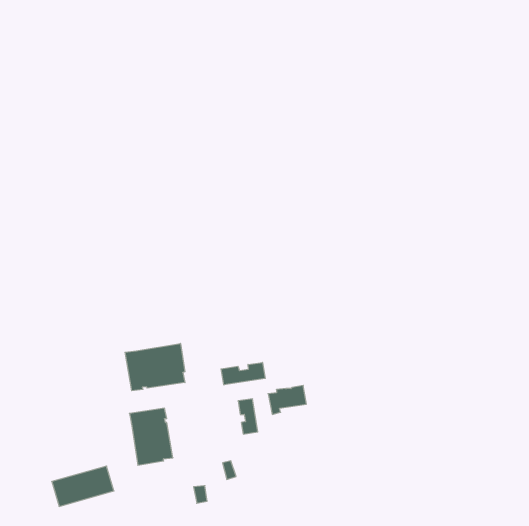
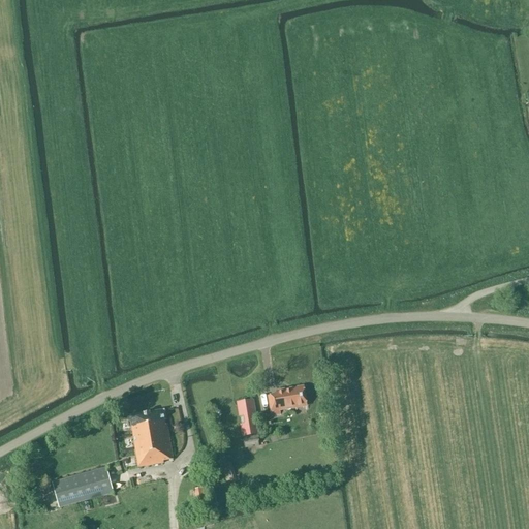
building: [125,343,185,391] -> none
building: [221,362,265,385] -> none

